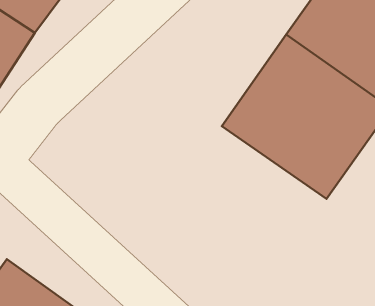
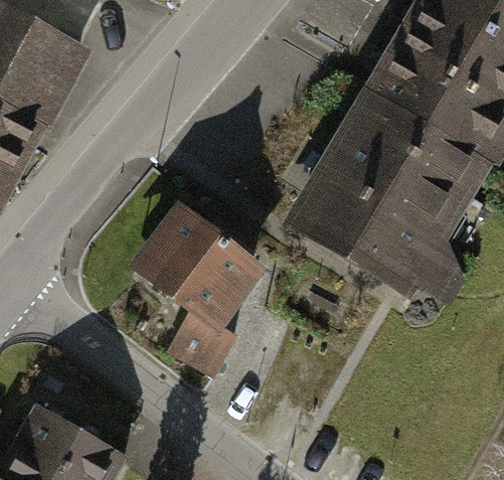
building: none -> [140,207,263,375]

